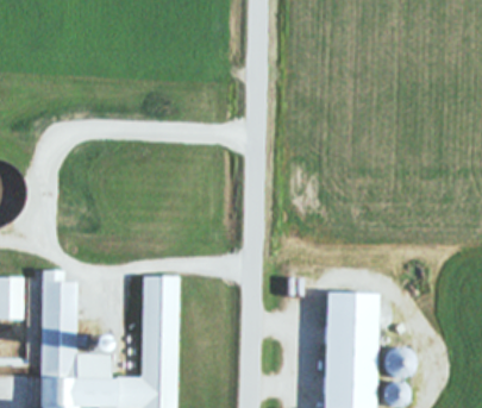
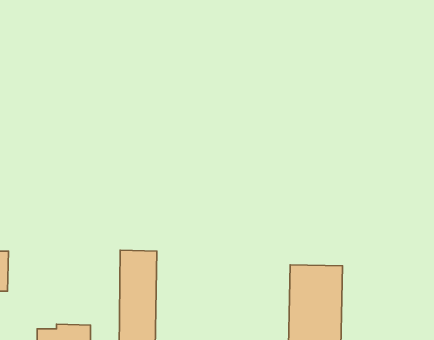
building: [43,270,80,354] -> none

